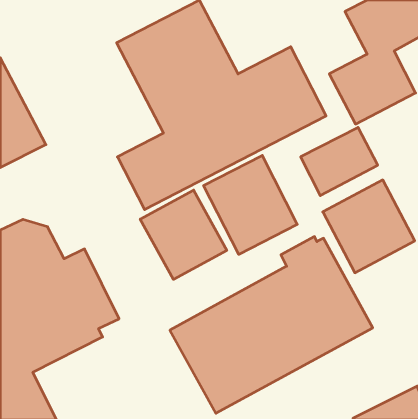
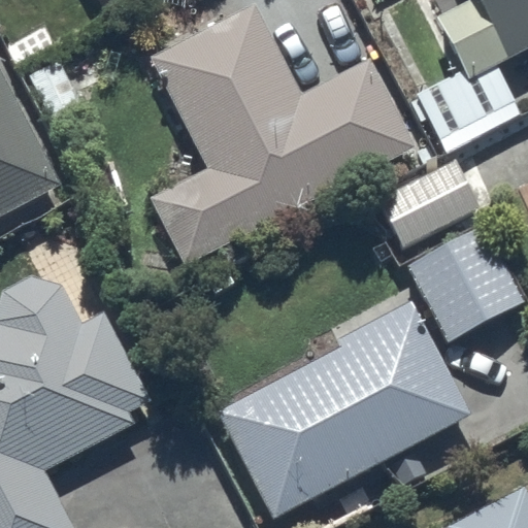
building: [204,155,297,254] -> none
building: [140,190,227,279] -> none

